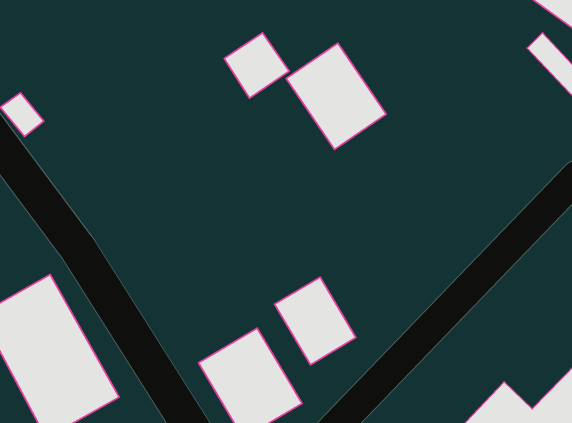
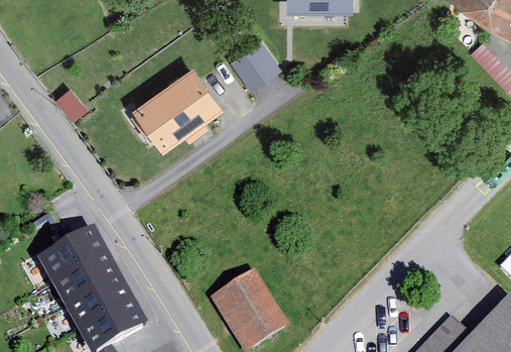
building: [286,43,386,150] -> none
building: none -> [131,64,224,150]
building: [275,277,356,365] -> none

